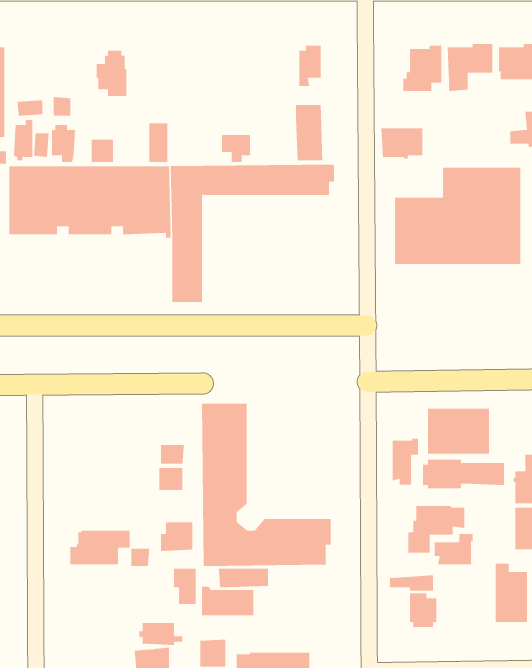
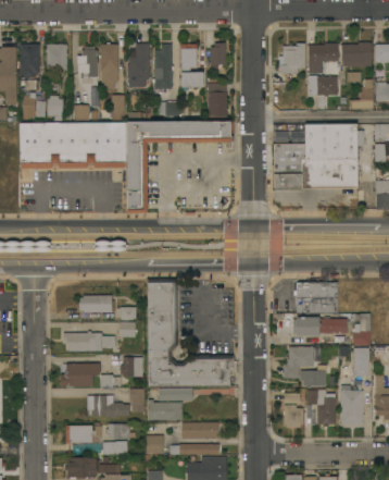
building: none -> [21,42,40,77]
building: none -> [128,42,150,86]
building: none -> [154,42,173,88]
building: none -> [47,44,67,69]
building: none -> [101,44,118,88]
building: none -> [180,44,204,86]
building: [380,128,423,159] -> [310,75,338,96]
building: none -> [78,294,111,312]
building: [392,438,419,486] -> none
building: none -> [63,331,115,350]
building: none -> [305,389,336,427]
building: none -> [87,395,128,417]
building: none -> [180,421,218,438]
building: none -> [64,424,92,443]

